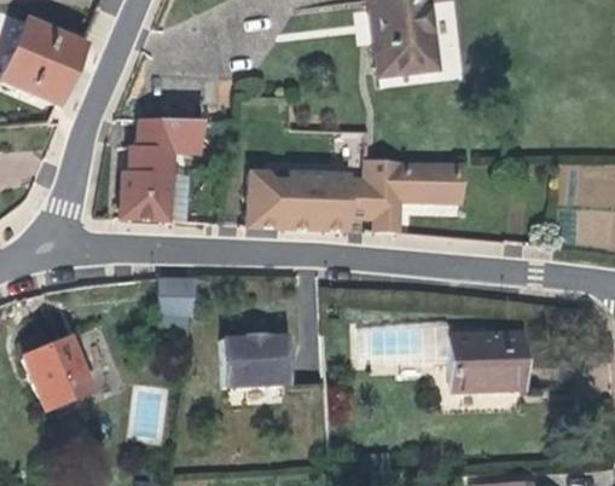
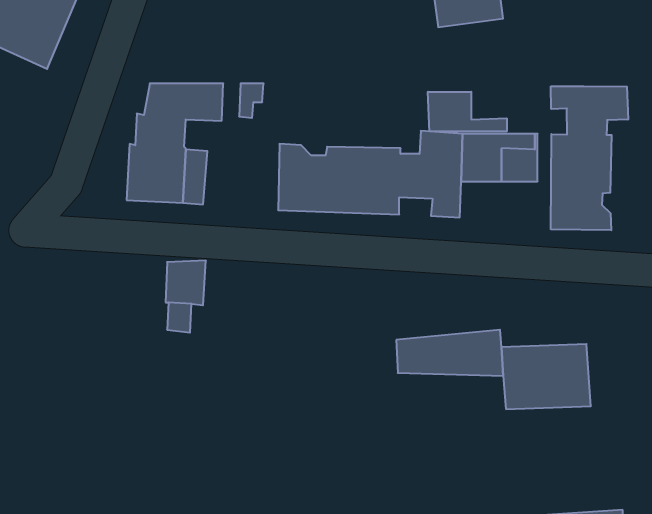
building: none -> [551,86,628,230]
building: none -> [428,92,507,131]
building: [25,340,94,407] -> none
building: [217,349,289,401] -> none

